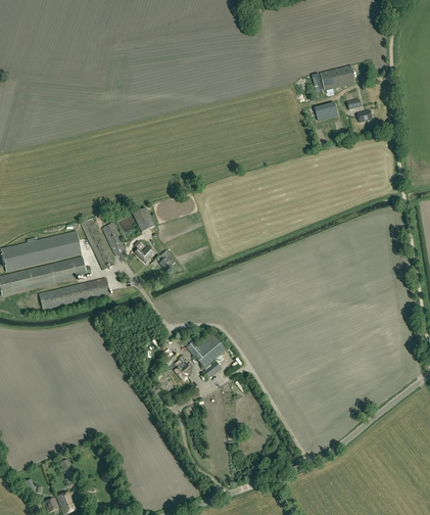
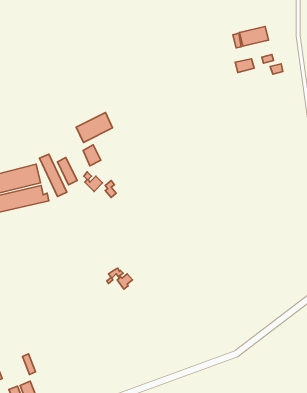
building: none -> [76,113,113,142]
building: [39,277,109,310] -> none
building: [187,331,227,378] -> none

